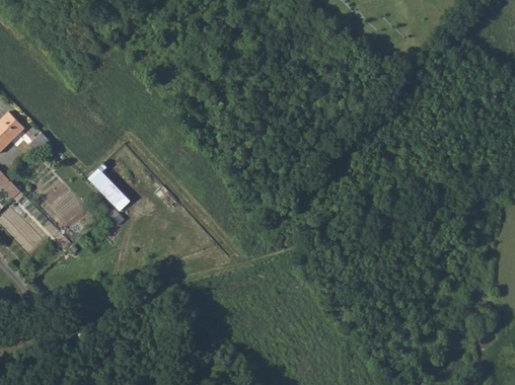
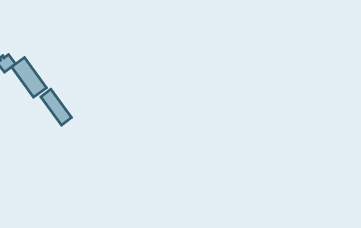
building: none -> [12,58,46,97]

